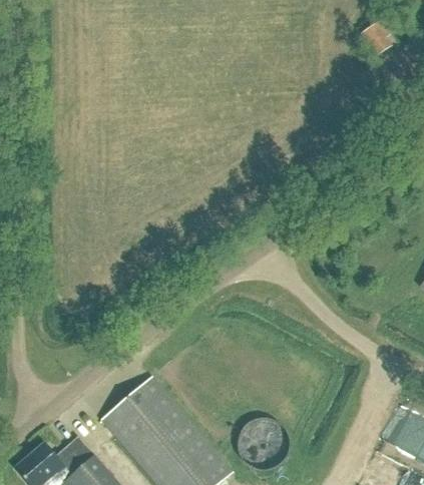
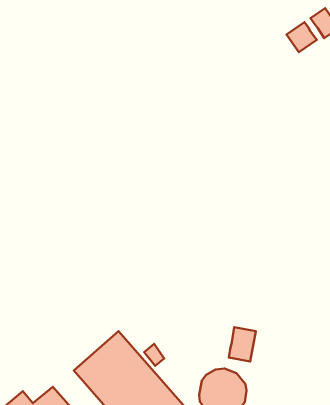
building: none -> [287,22,317,52]
building: none -> [229,327,256,361]

